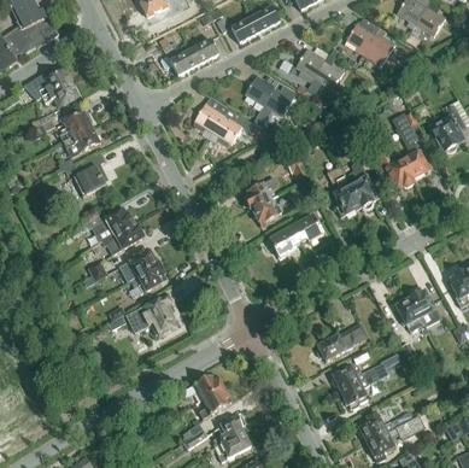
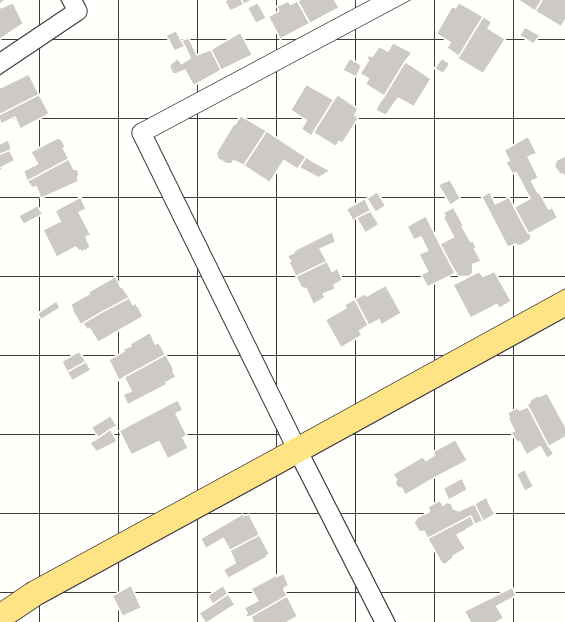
building: none -> [453,271,511,318]
building: [357,411,408,440] -> none

